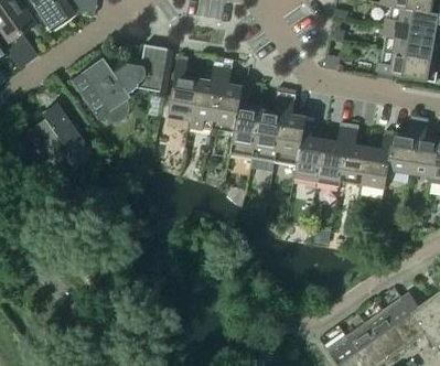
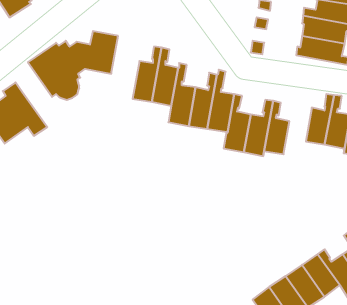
building: [167,56,197,122] -> none
building: [362,131,394,190] -> none

